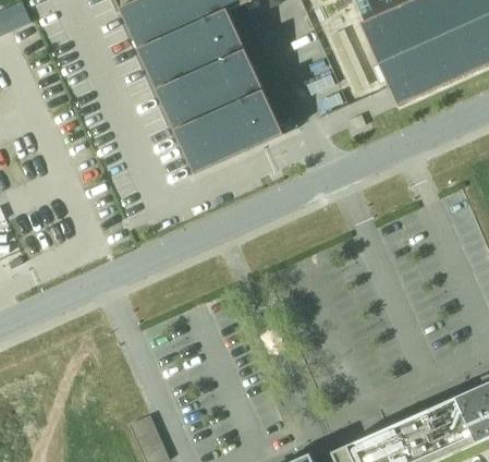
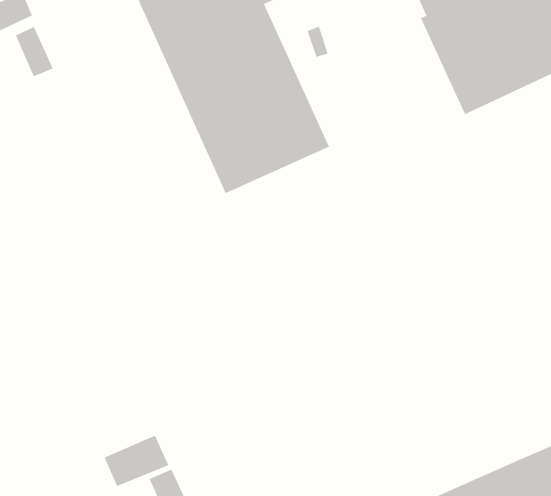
building: none -> [15,26,54,77]
building: none -> [104,435,169,487]

